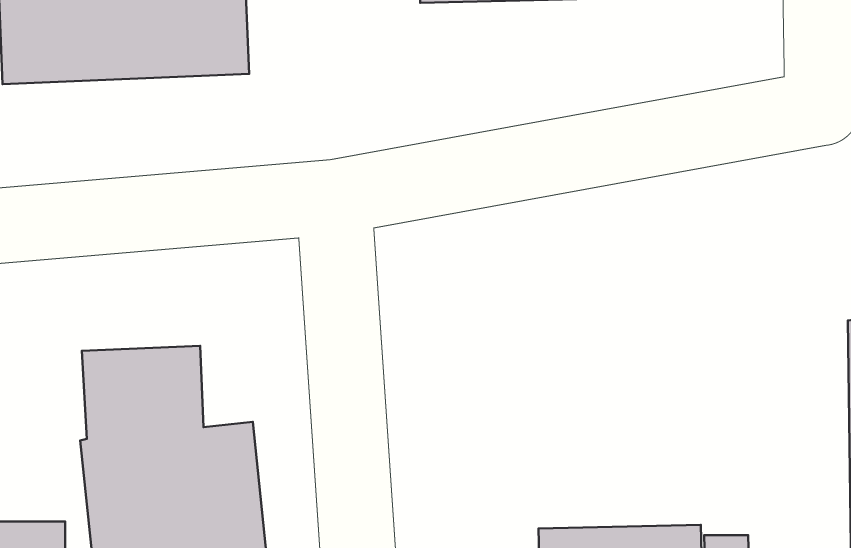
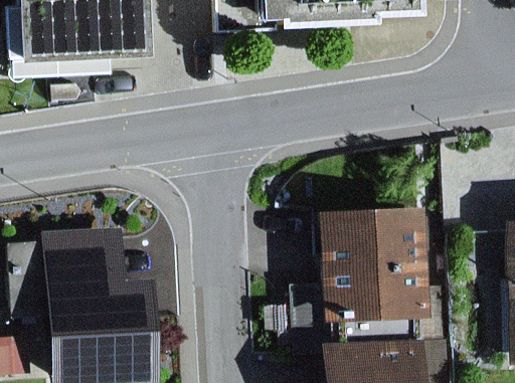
building: none -> [321,203,433,315]

